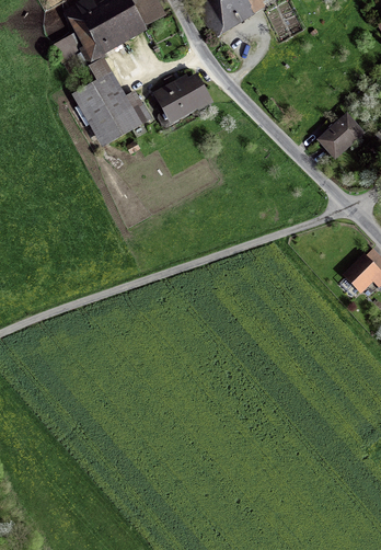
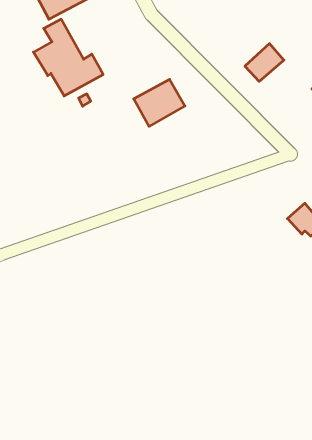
building: [155,72,210,123] -> [134,79,185,126]
building: [320,115,361,156] -> [245,44,284,81]

